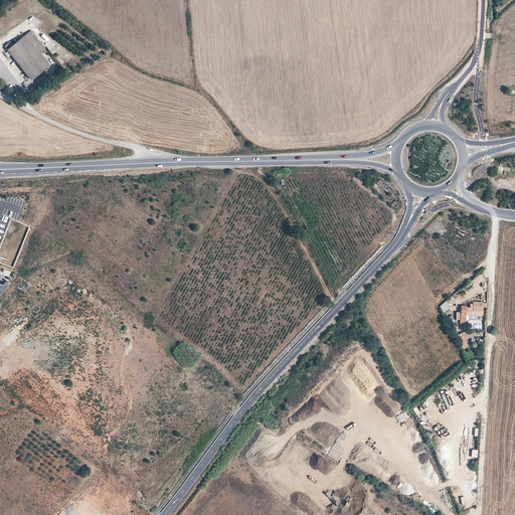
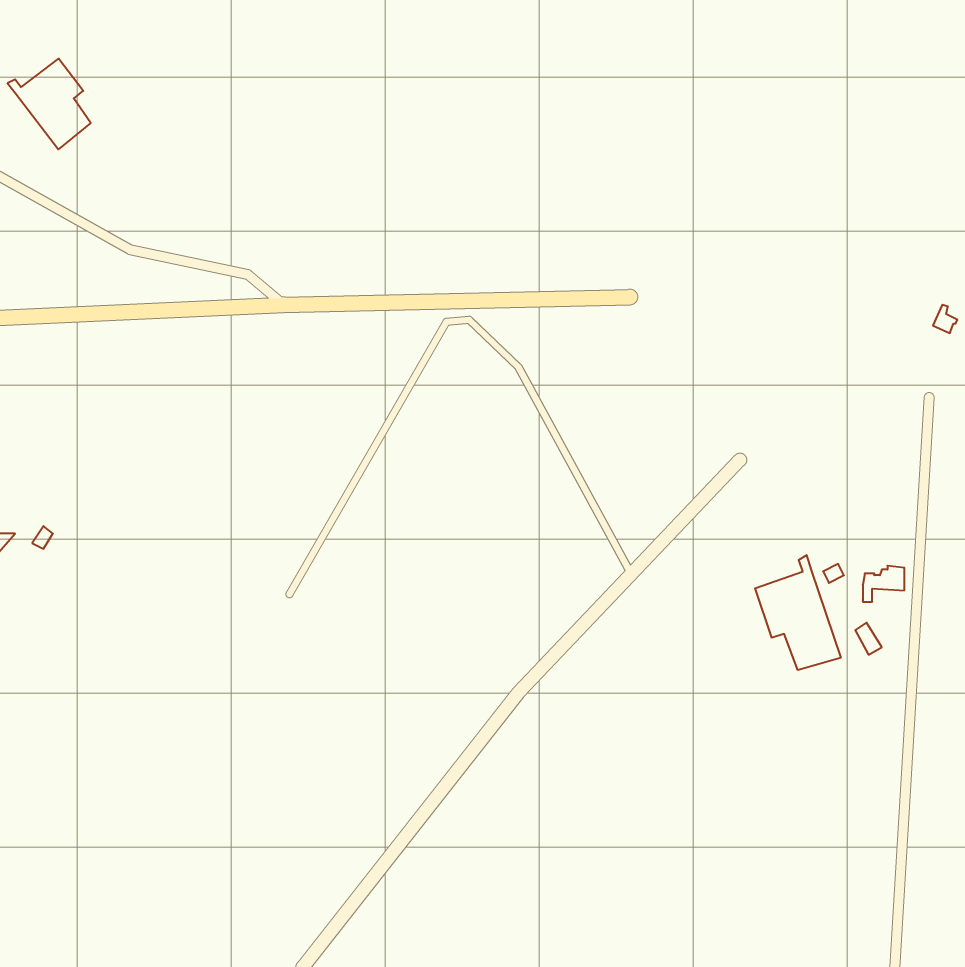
building: none -> [755,555,841,670]

